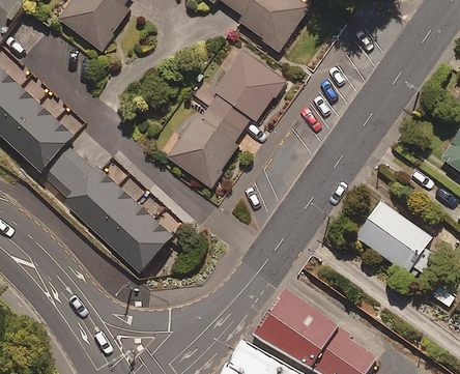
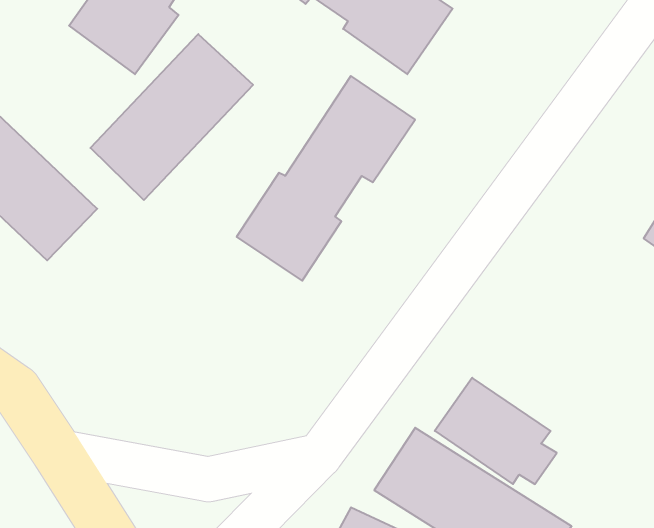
building: none -> [90,34,253,200]
building: [45,150,172,274] -> none
building: [351,203,432,274] -> [435,378,557,484]

